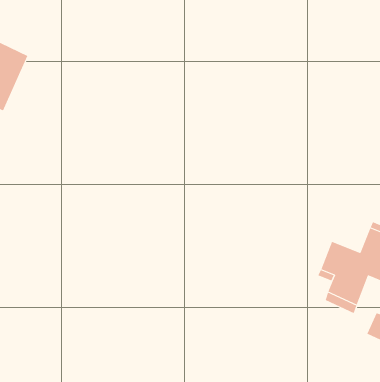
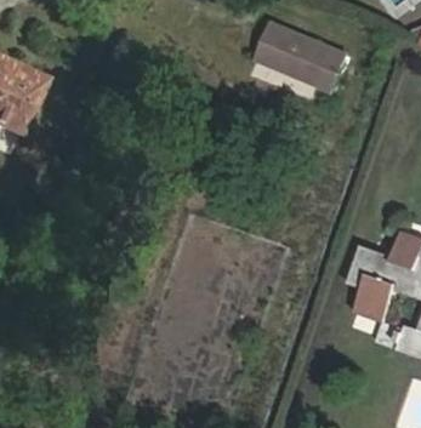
building: none -> [254,23,326,80]

